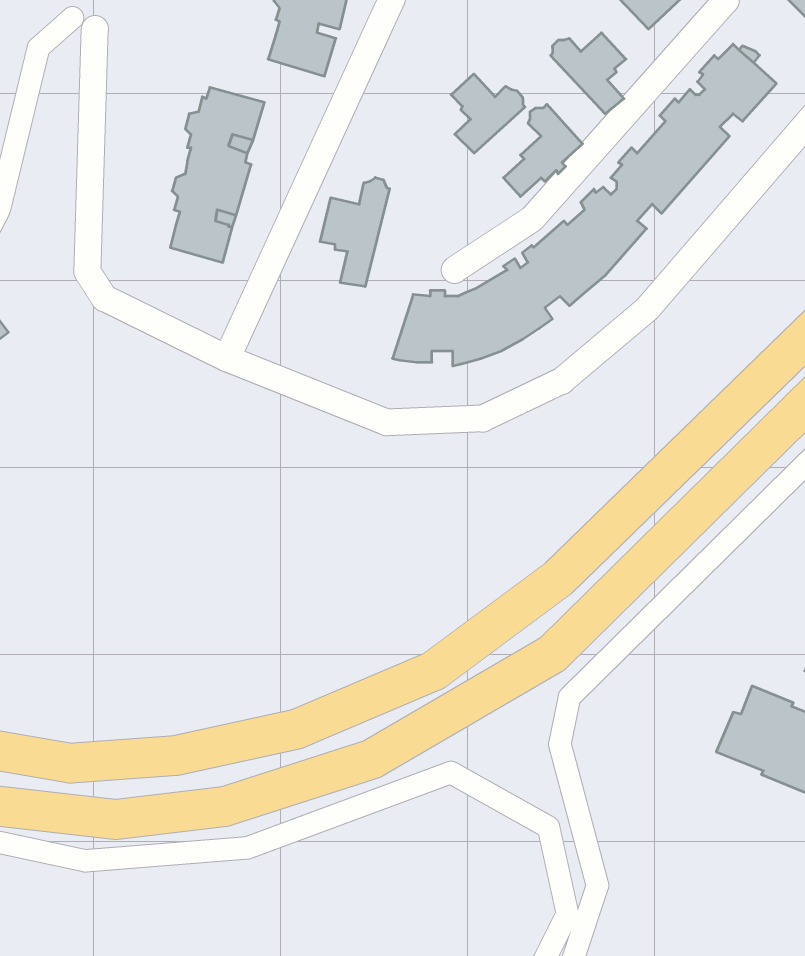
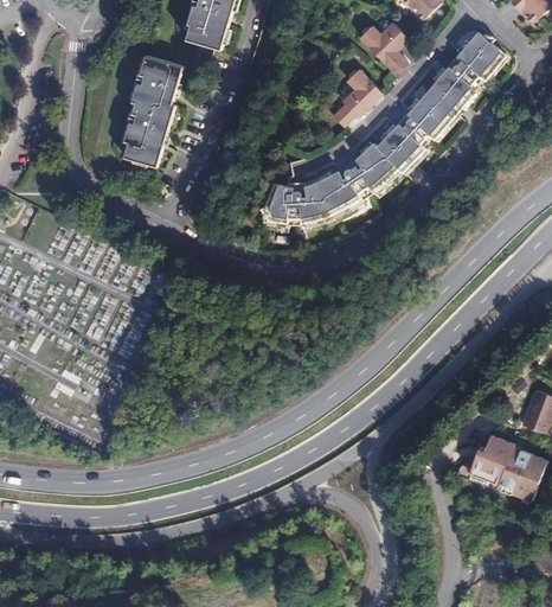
building: [451,74,525,153] -> none
building: [320,177,390,287] -> none

